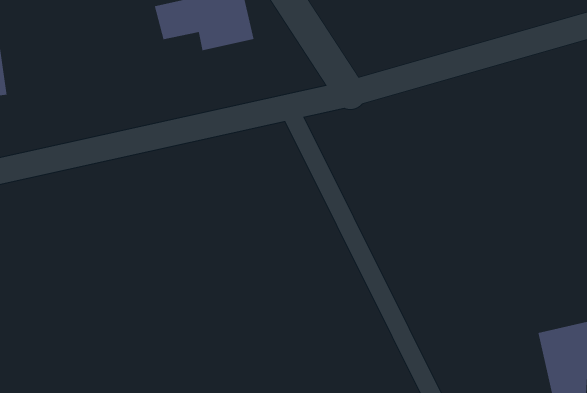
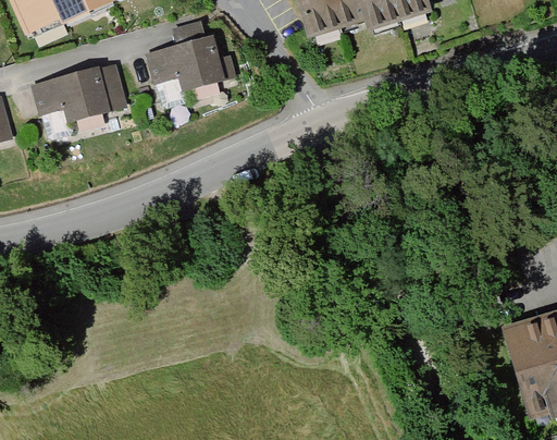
building: none -> [30,63,126,120]

